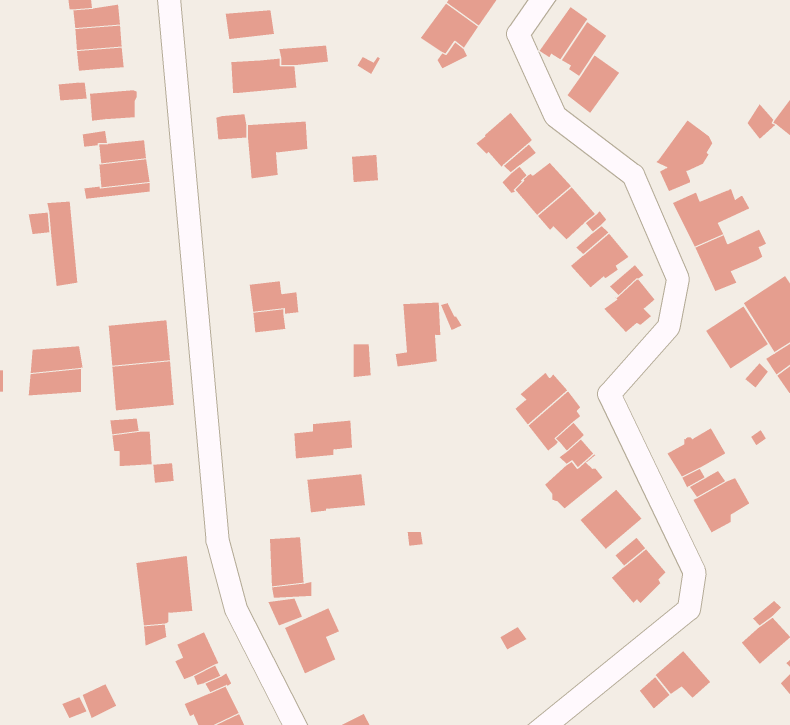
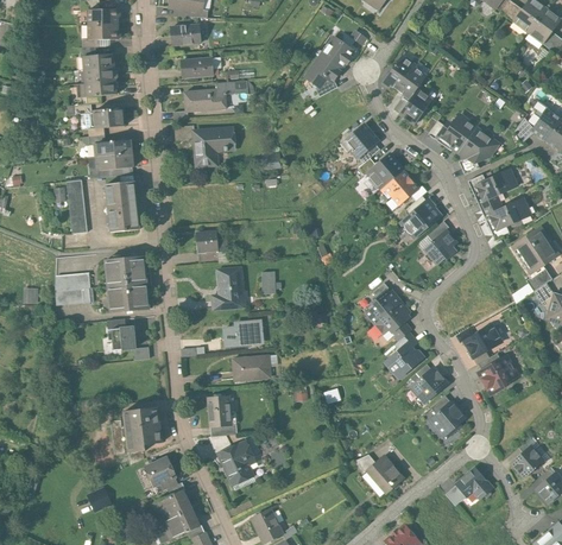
building: none -> [428,115,476,153]
building: none -> [106,180,139,232]
building: [395,302,441,367] -> [213,267,242,309]
building: [705,306,769,370] -> none
building: none -> [367,455,403,492]

